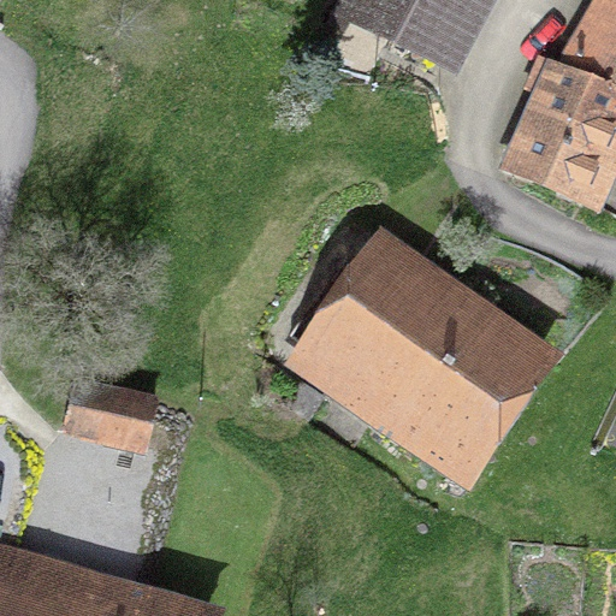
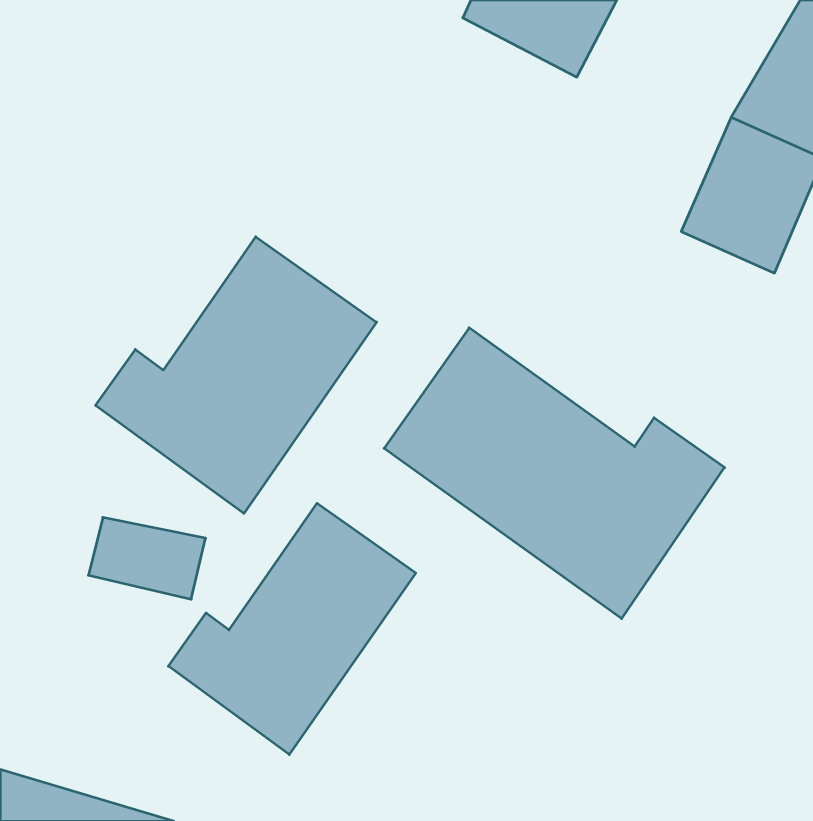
building: none -> [96,237,377,513]
building: none -> [168,503,416,755]

